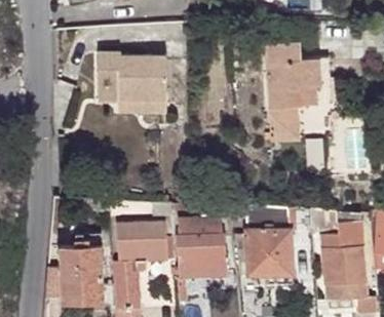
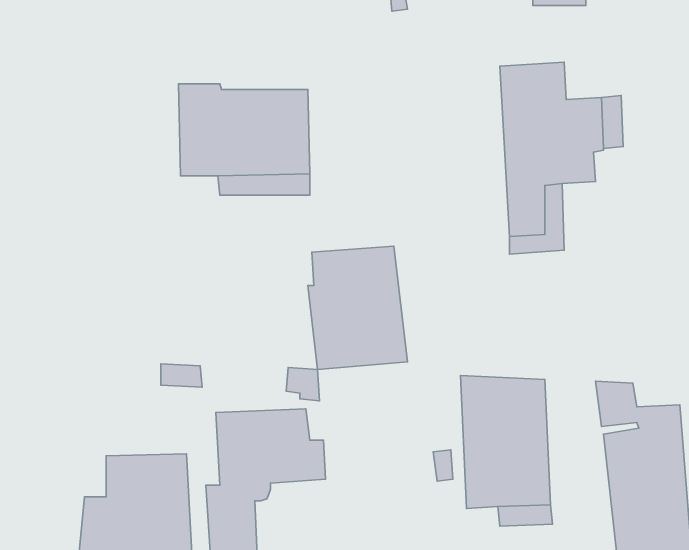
building: [175,215,227,280] -> [308,246,408,370]

